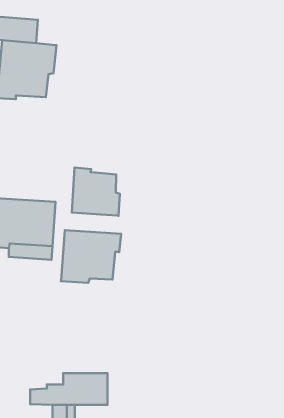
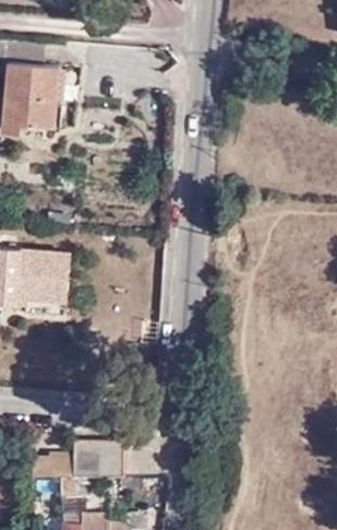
building: [72,167,120,216] -> none
building: [61,230,121,283] -> none

